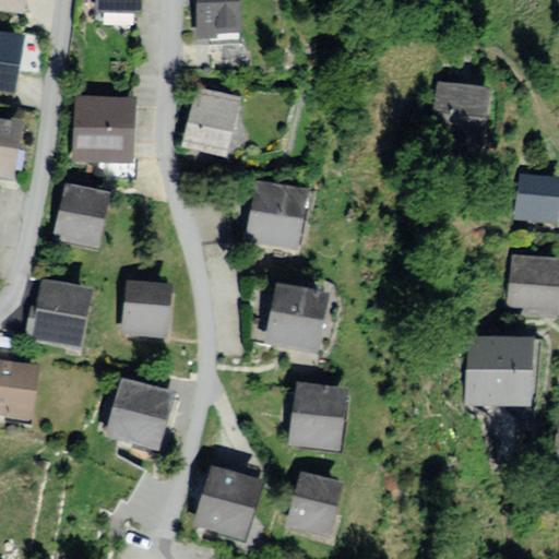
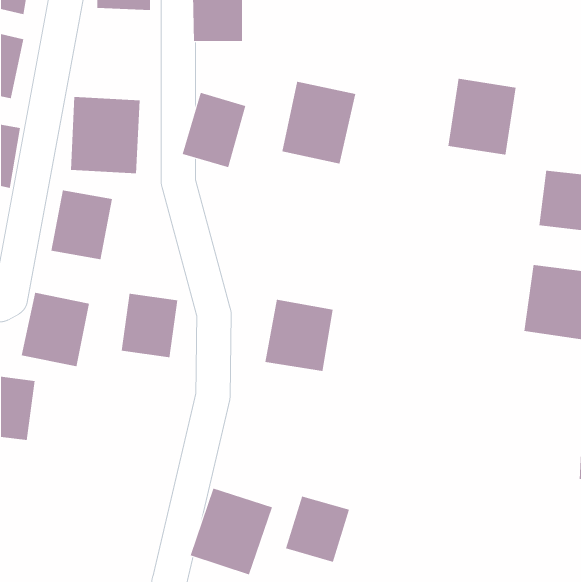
building: [240,176,311,254] -> [281,81,356,164]
building: [475,337,538,405] -> none
building: [281,379,342,449] -> none
building: [104,381,176,453] -> none

